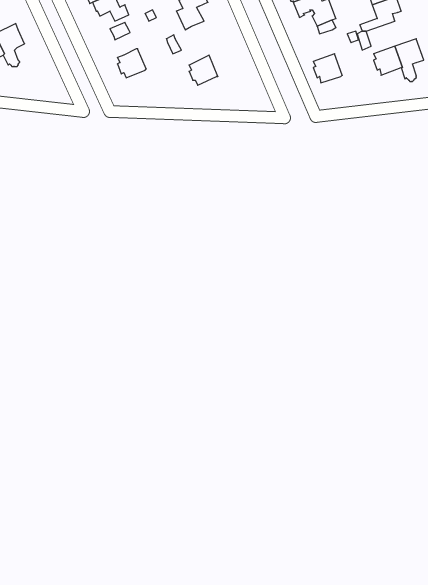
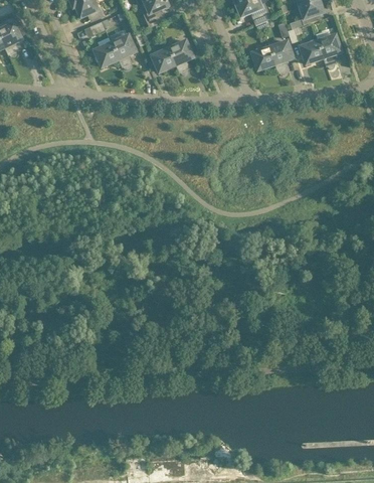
building: none -> [112,33,136,67]
building: none -> [169,39,193,73]
building: none -> [269,40,293,73]

